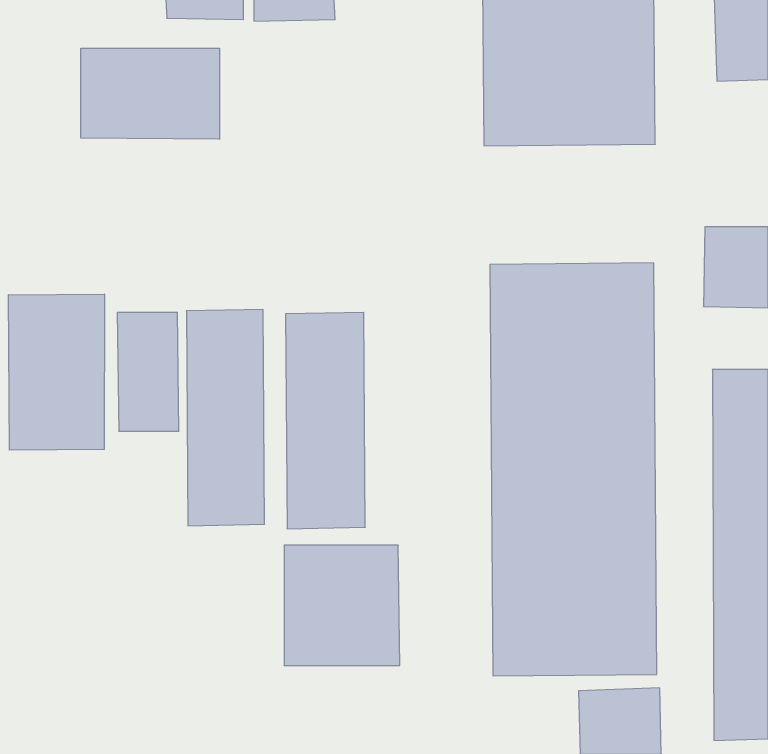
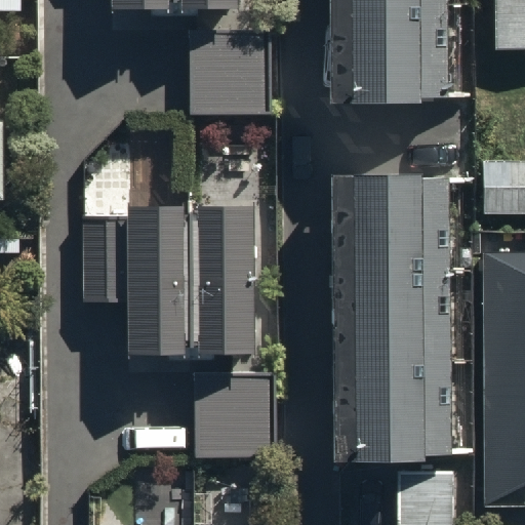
building: none -> [187,33,265,115]
building: [81,48,219,139] -> none
building: [9,294,104,450] -> none

